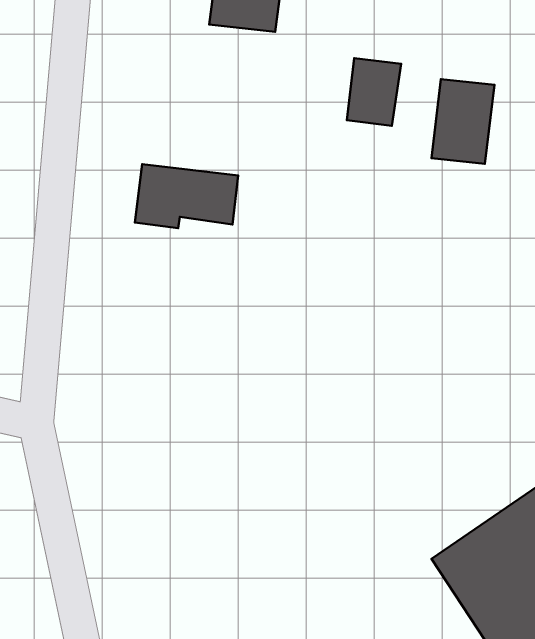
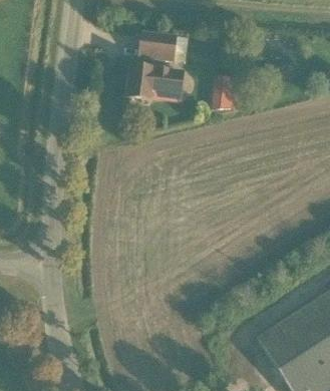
building: [431,79,494,164] -> none
building: [135,164,238,228] -> [129,65,185,99]

